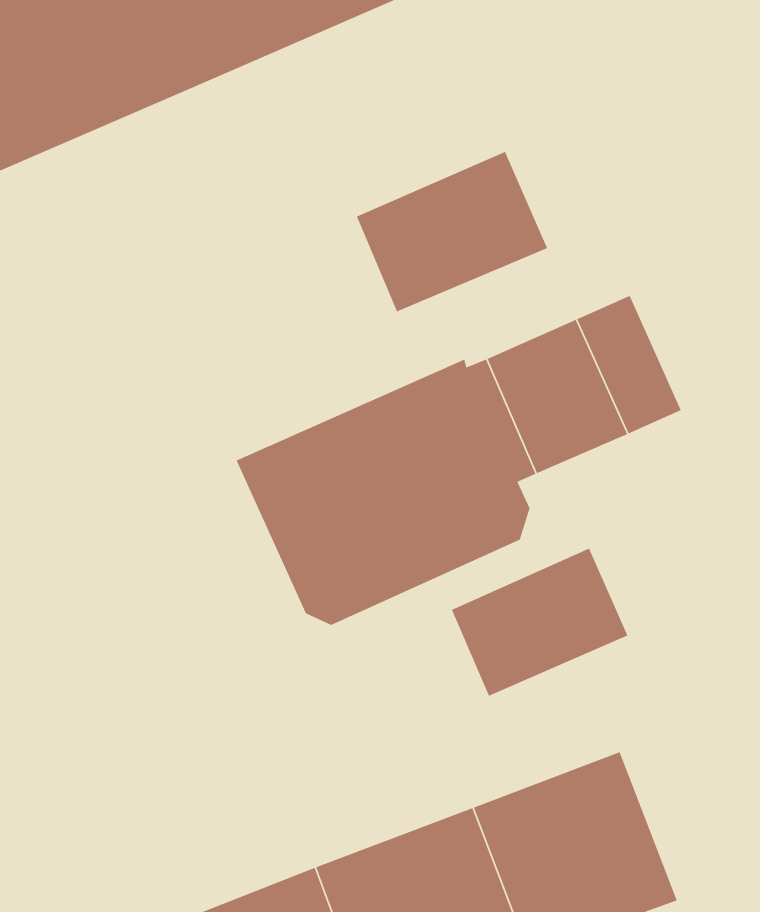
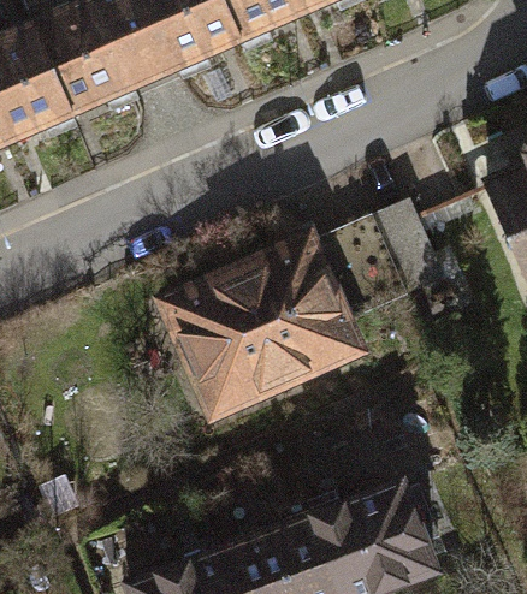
building: [356,151,548,313] -> none
building: [451,548,629,697] -> none

